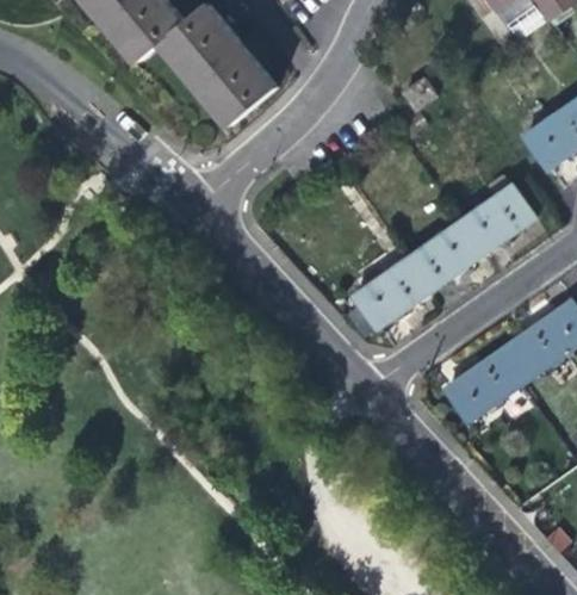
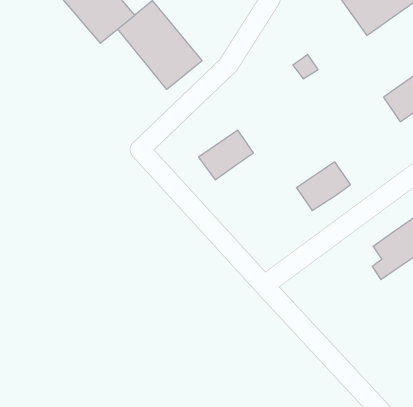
building: [458,185,533,254] -> none
building: [352,259,427,327] -> [199,130,253,180]
building: [442,339,522,421] -> none

